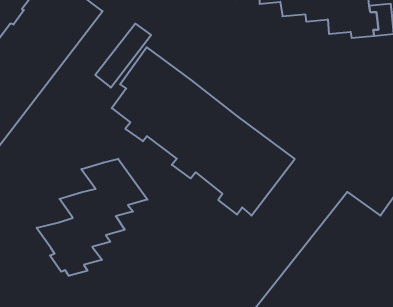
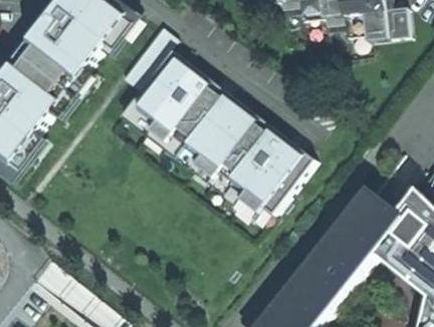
building: [37,159,148,276] -> none

